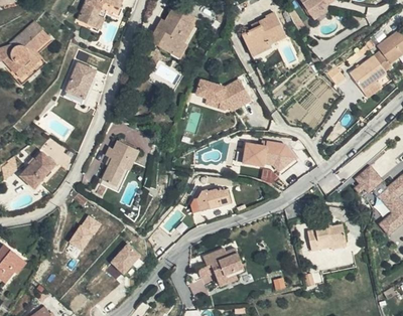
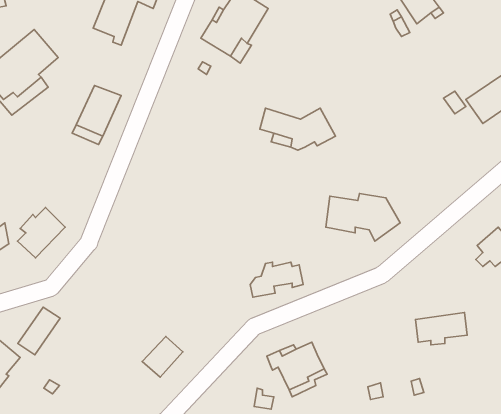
building: [241,17,284,55] -> none
building: [98,143,137,195] -> none
building: [71,214,101,249] -> [18,307,60,355]

